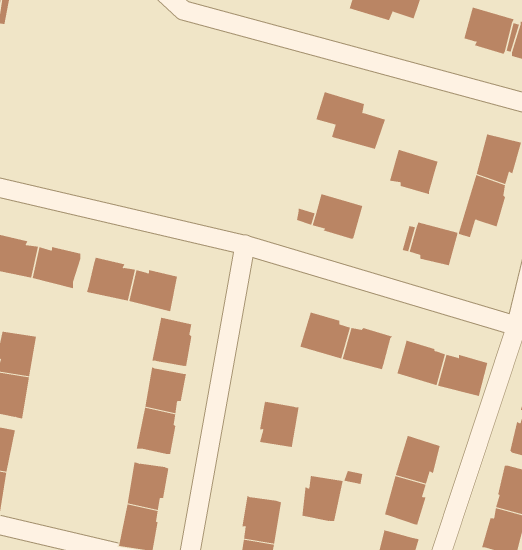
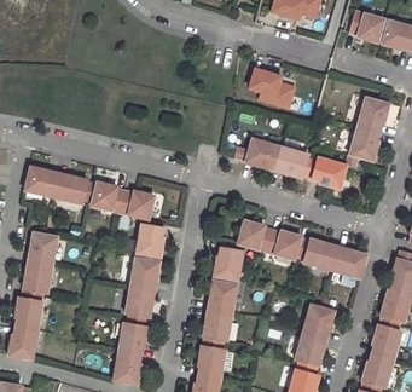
building: [389,149,439,195] -> [274,146,308,178]
building: none -> [213,247,243,281]
building: [301,476,344,521] -> [203,309,232,340]

